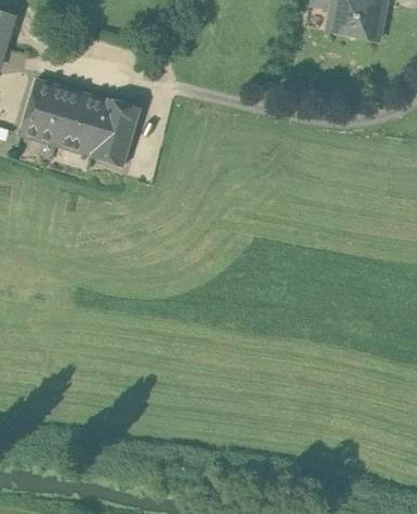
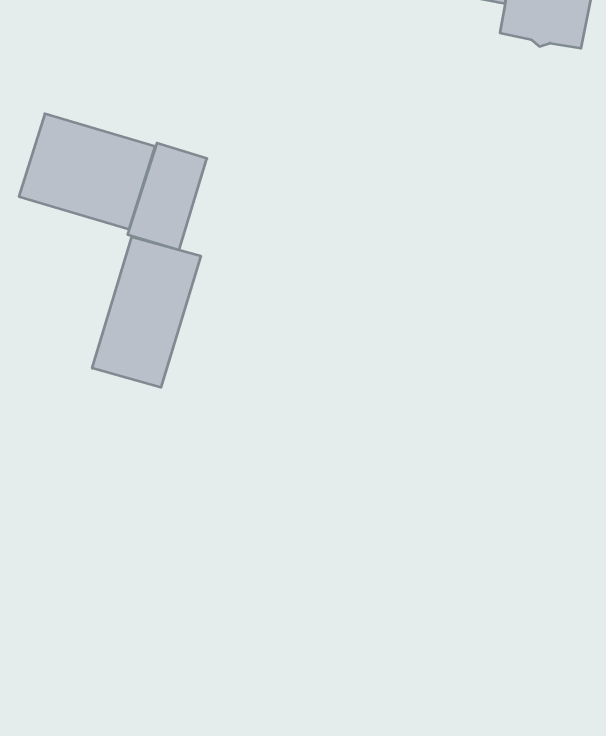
building: none -> [92,237,201,387]

